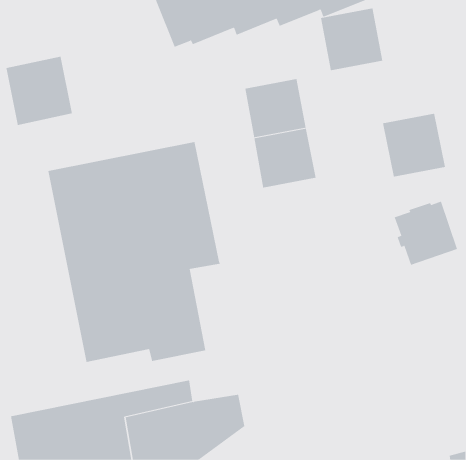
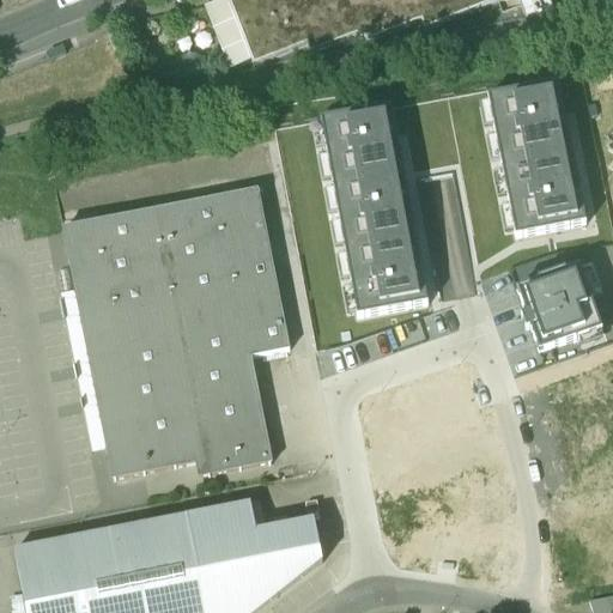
building: [320,8,383,71] -> [488,79,571,162]
building: [6,56,72,126] -> none
building: none -> [345,233,427,312]

